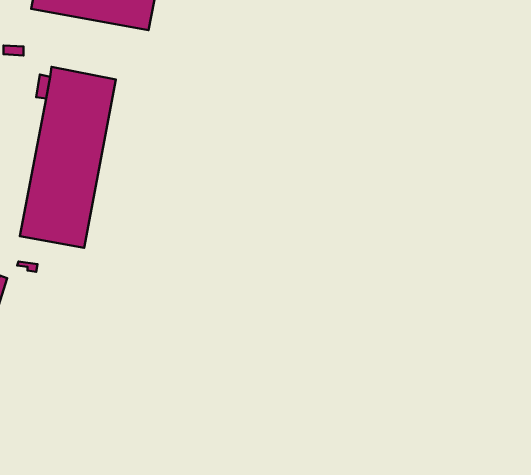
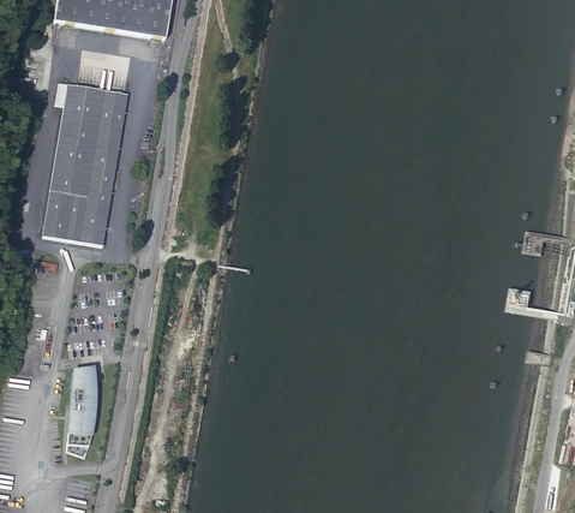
building: none -> [66,368,95,455]

